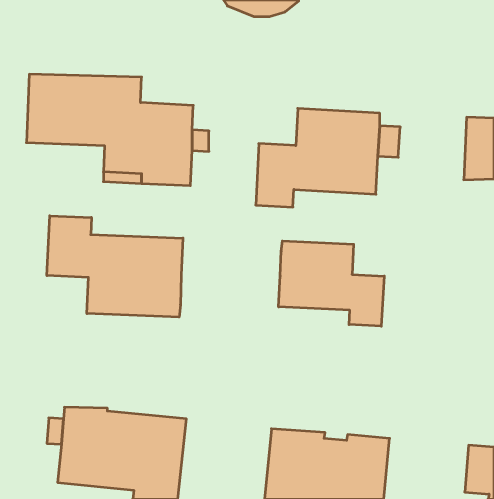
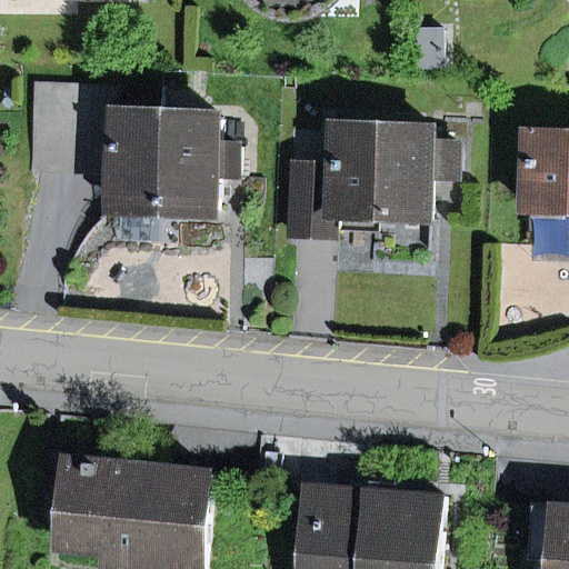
building: [47,216,183,317] -> none
building: [279,241,384,326] -> none

